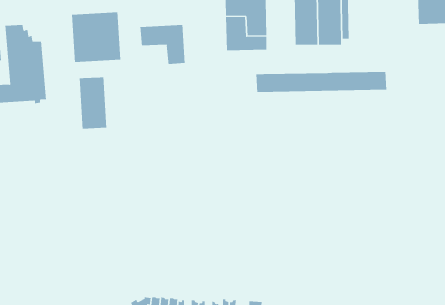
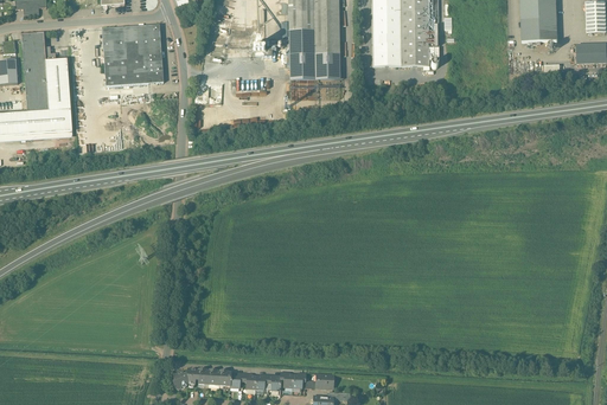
building: [140,24,185,65] -> none
building: [256,71,387,93] -> none
building: [79,76,107,129] -> none

